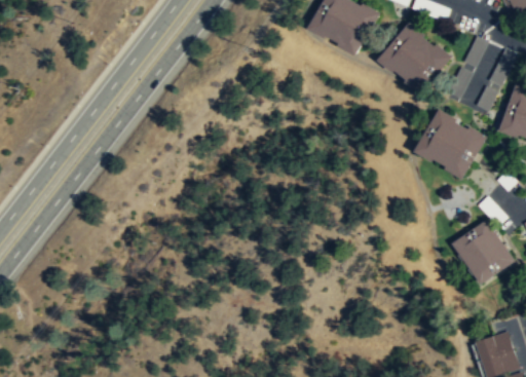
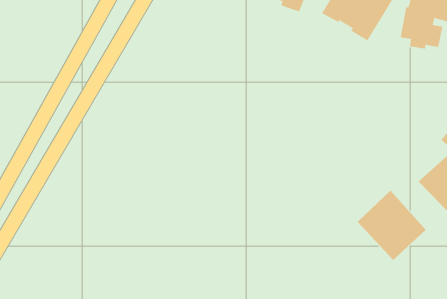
building: [413,109,486,179] -> none
building: none -> [357,190,426,261]

